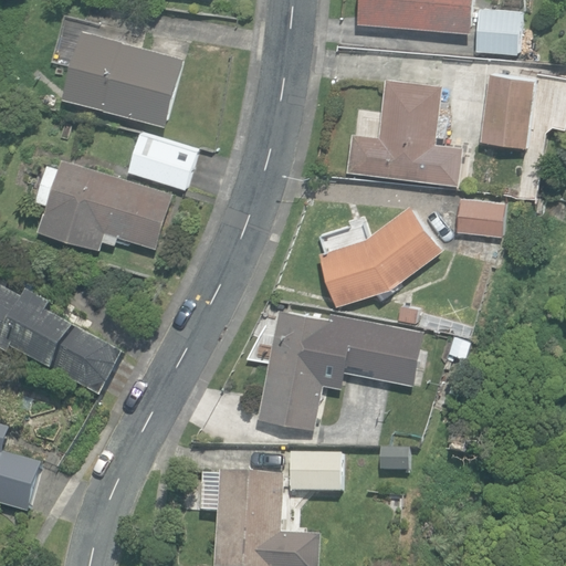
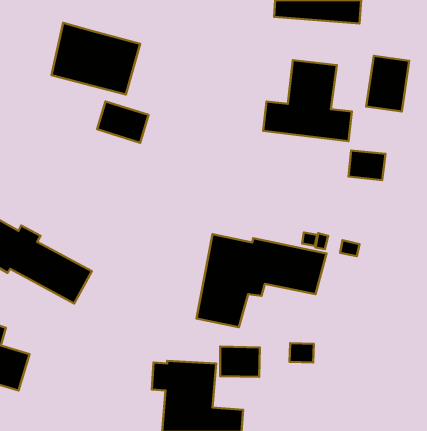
building: [475,10,520,53] -> none
building: [34,159,172,250] -> none
building: [319,206,442,306] -> none

